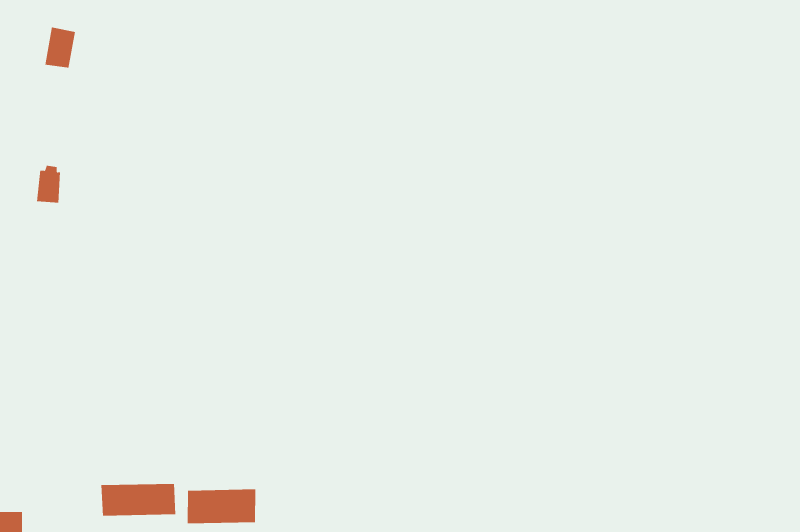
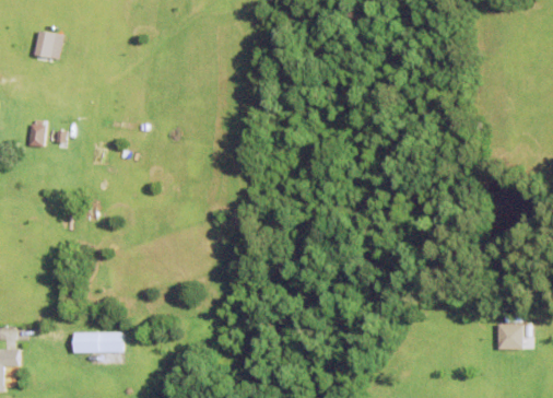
building: none -> [499,324,525,350]
building: [187,488,256,524] -> none

